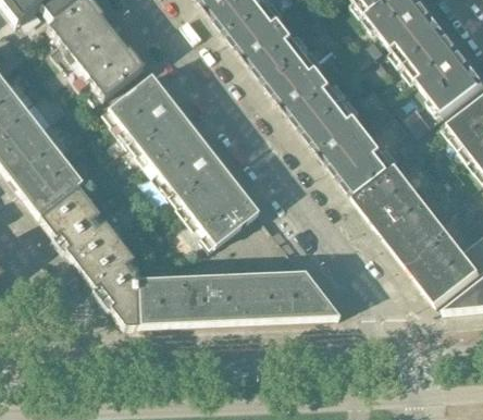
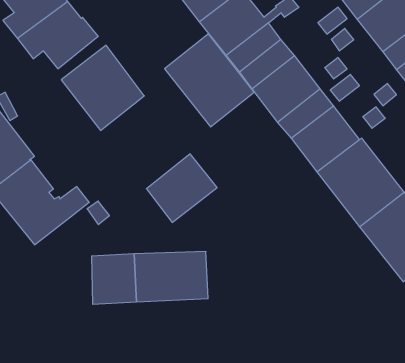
building: [144,122,231,212] -> [165,34,254,127]
building: [79,233,136,324] -> none
building: [246,270,337,319] -> none

